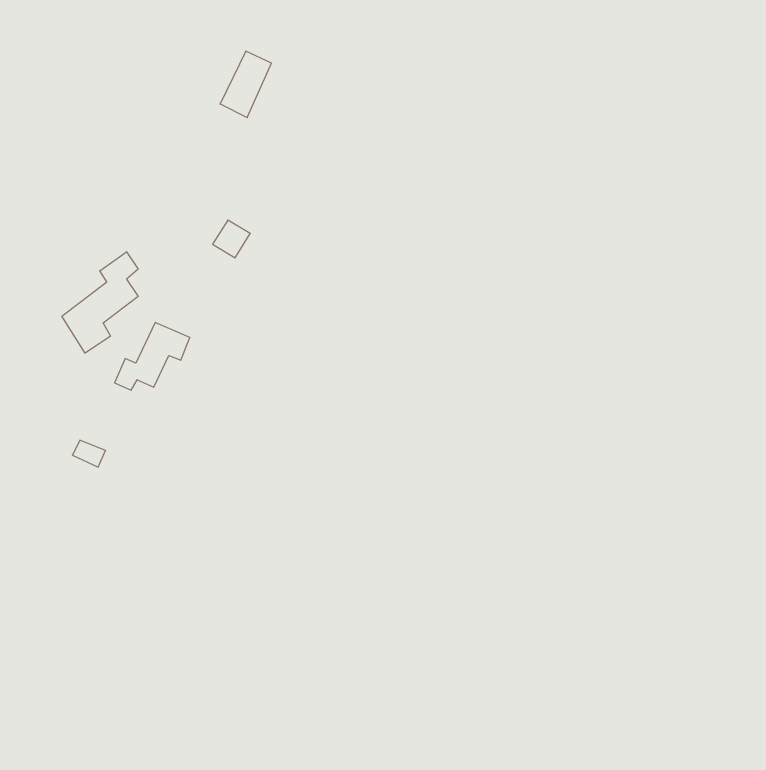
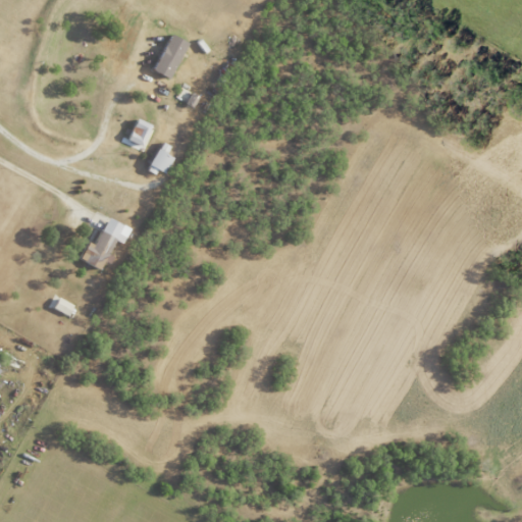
building: none -> [126,118,152,147]
building: [62,252,138,353] -> none

